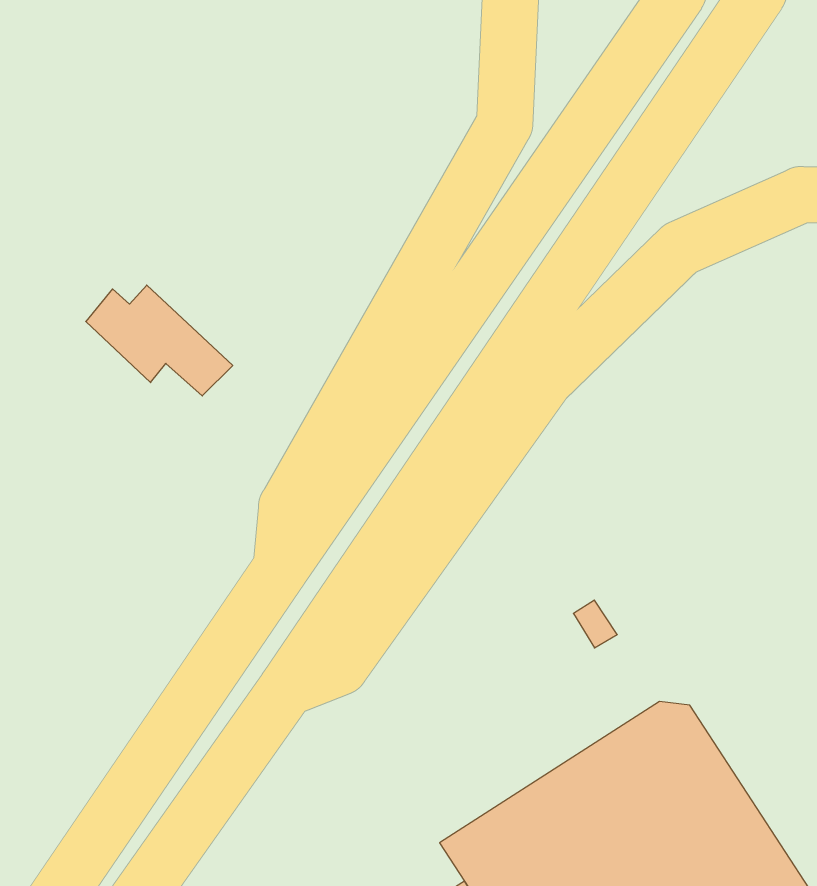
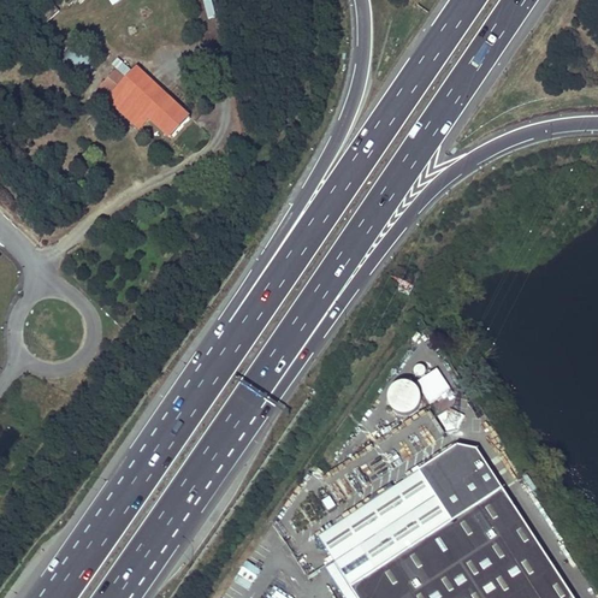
building: [86,285,233,396] -> [99,69,191,138]

